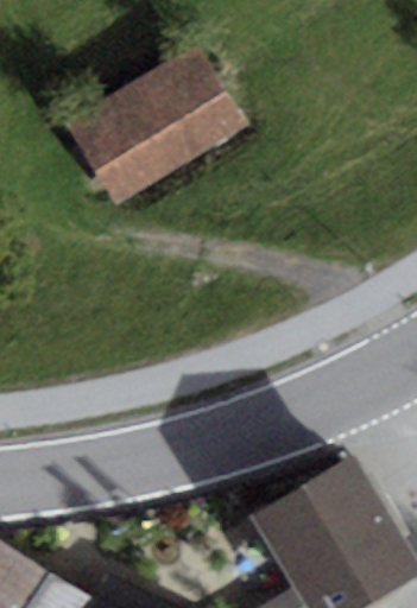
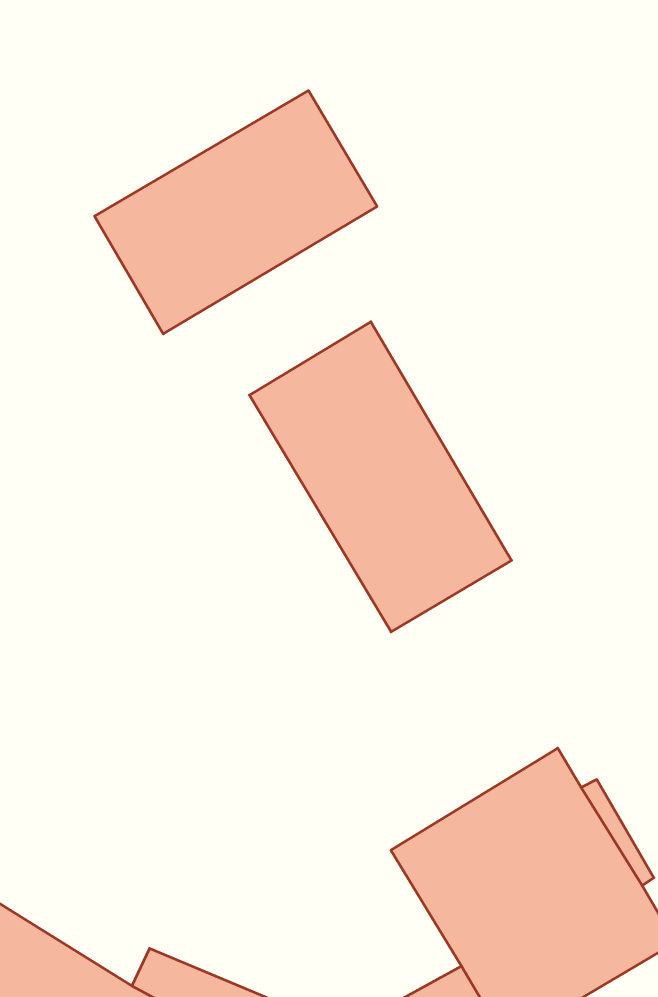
building: none -> [249,322,512,632]

